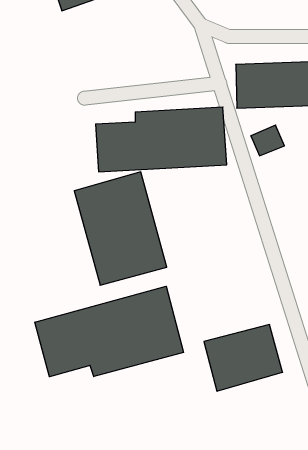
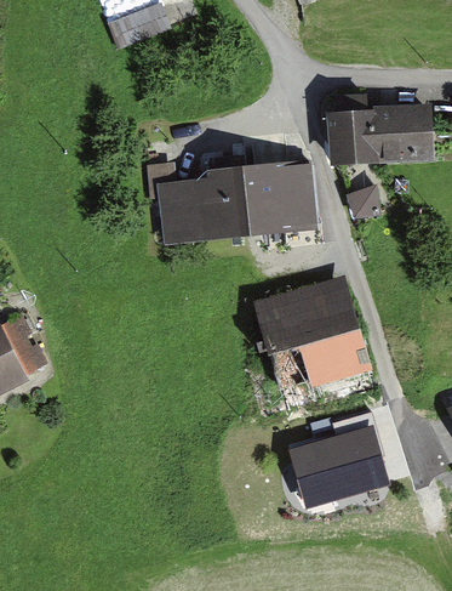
building: [74,172,167,285] -> [258,275,371,414]
building: [35,286,183,377] -> none

